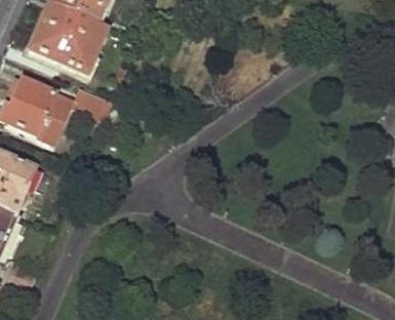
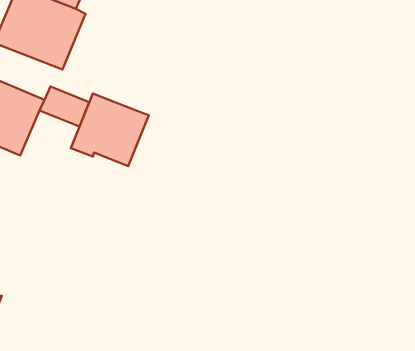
building: none -> [71,93,149,166]

